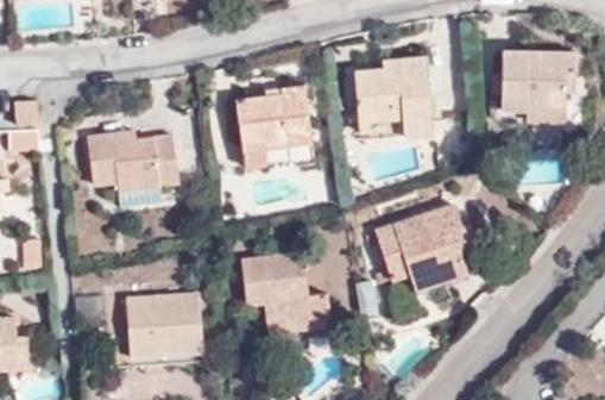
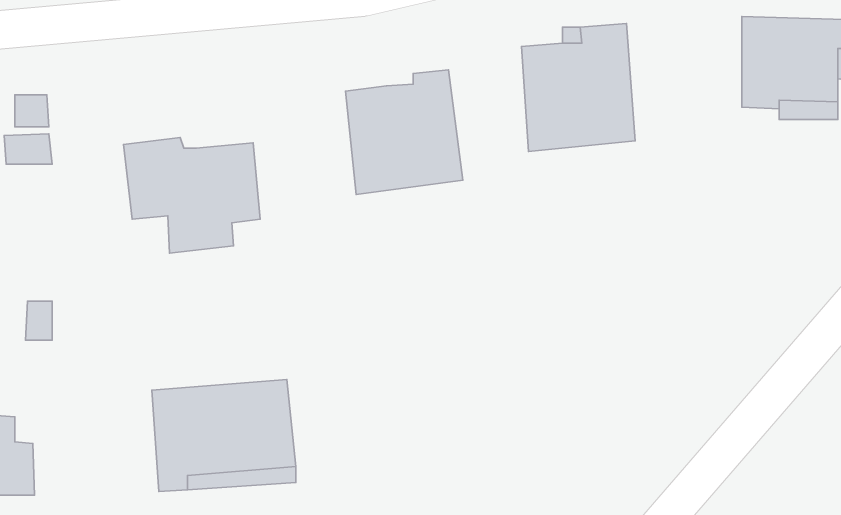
building: [374,201,478,290] -> none
building: [240,249,329,331] -> none

